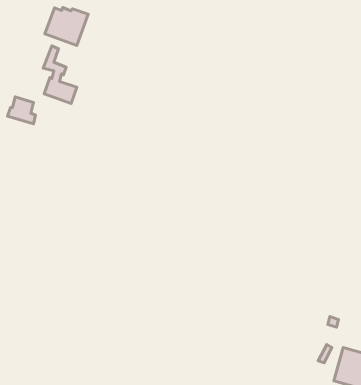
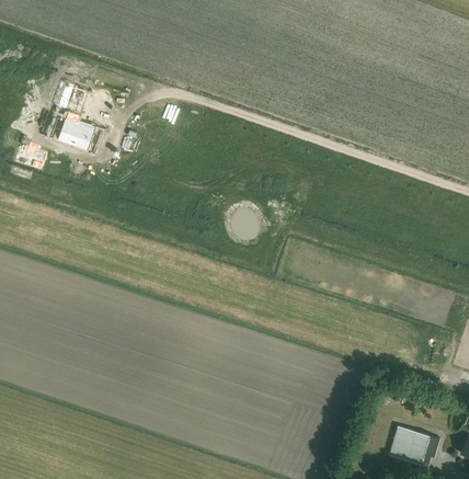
building: [45,7,88,45] -> none

